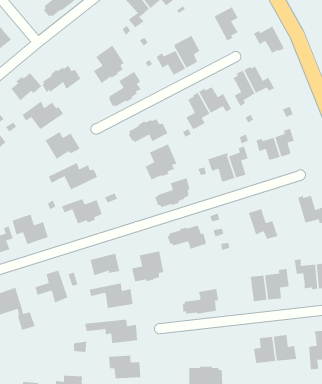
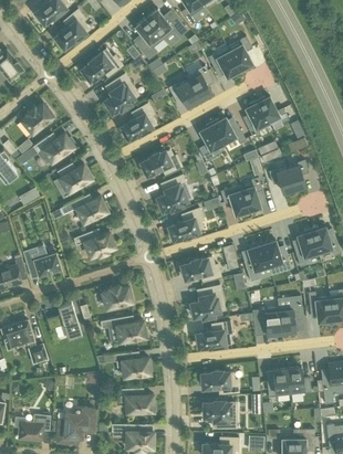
building: [253,23,285,54] -> [208,46,240,77]
building: [41,65,82,93] -> [80,53,121,82]
building: none -> [295,229,319,266]
building: none -> [243,244,269,282]
building: [131,251,164,282] -> [190,284,224,316]
building: none -> [199,368,239,394]

